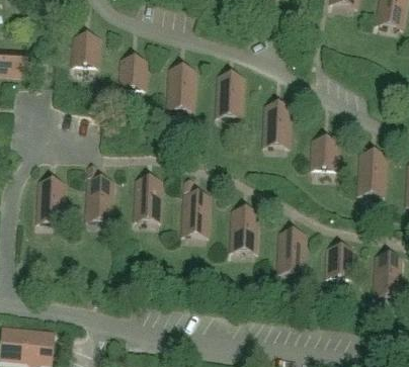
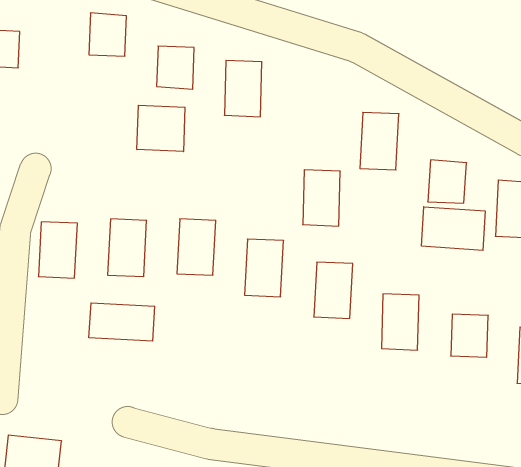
building: [217,76,243,115] -> [303,170,340,226]
building: none -> [137,105,185,152]
building: none -> [422,207,485,250]
building: none -> [89,303,155,341]

